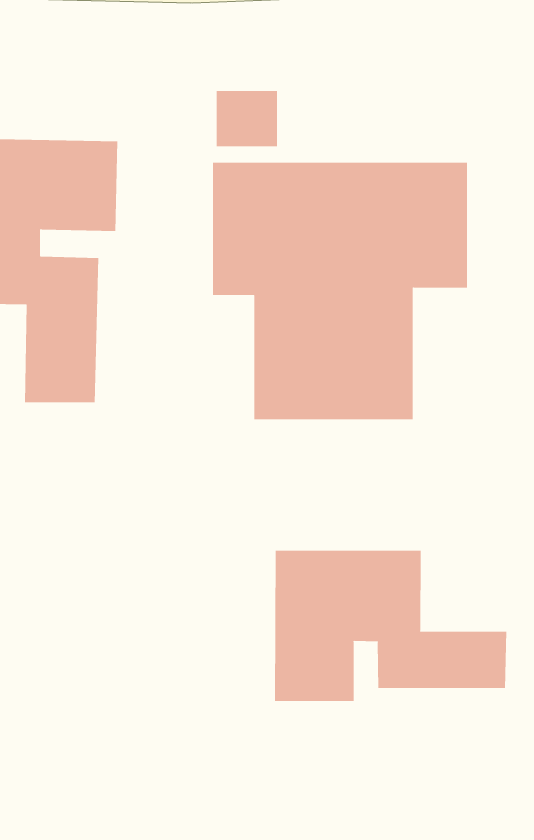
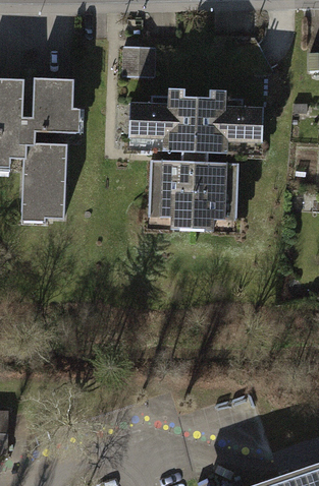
building: [275,550,507,702] -> none

